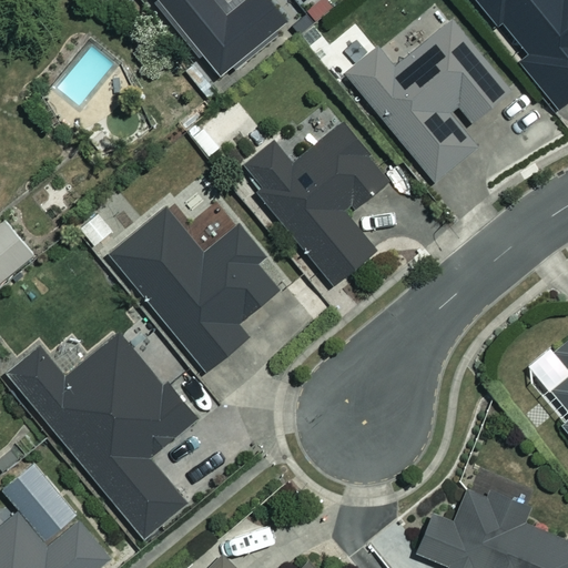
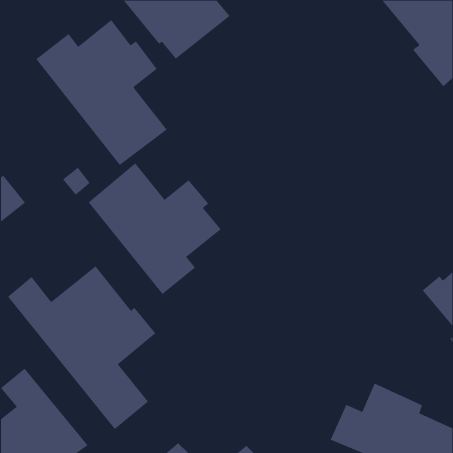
building: [346,17,511,181] -> none
building: none -> [36,19,167,166]
building: [241,122,387,284] -> none

